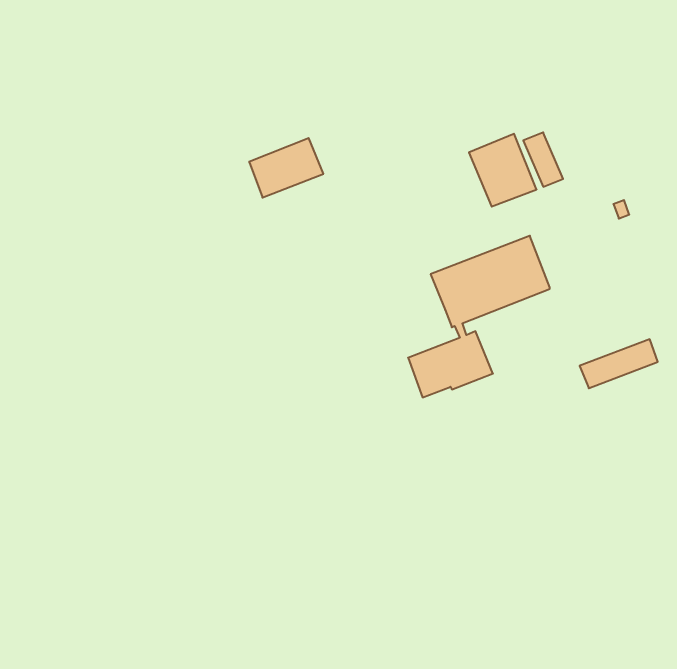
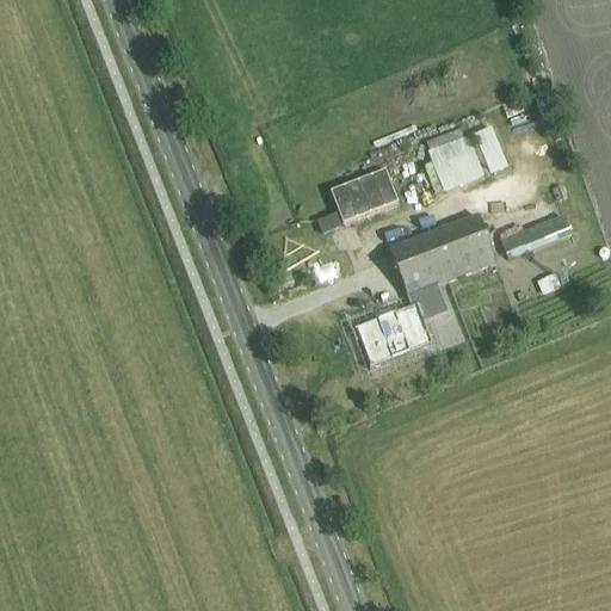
building: [249,138,323,198] -> [331,167,397,221]
building: [580,339,658,388] -> [500,212,570,257]

